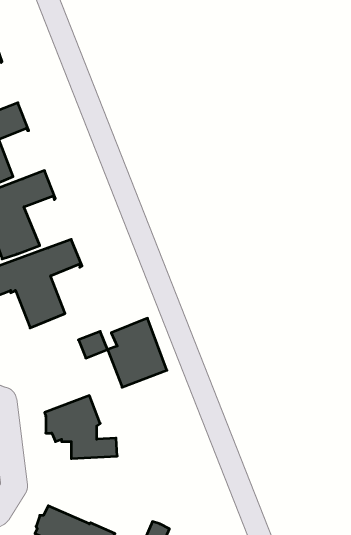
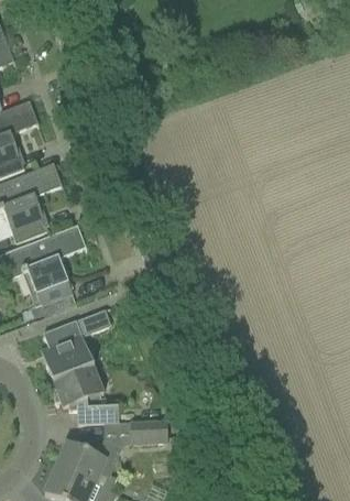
building: [108,318,167,387] -> [40,320,94,383]
building: none -> [130,421,167,444]
building: none -> [56,439,122,484]

